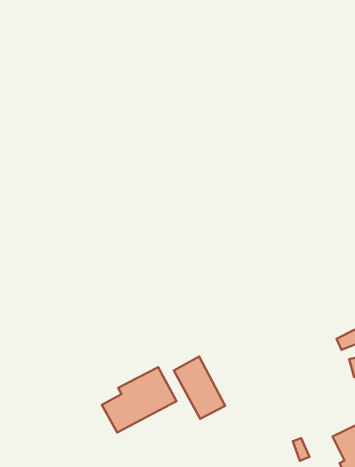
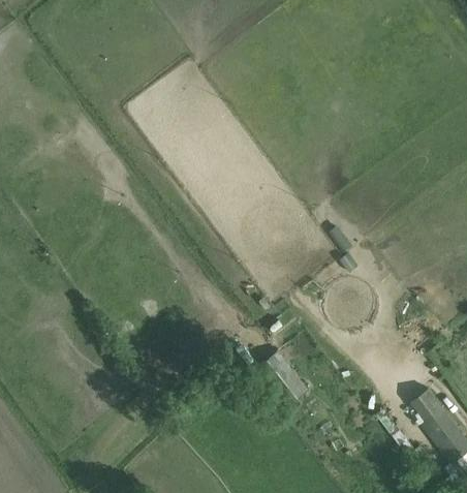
building: [102,367,177,433] -> none

